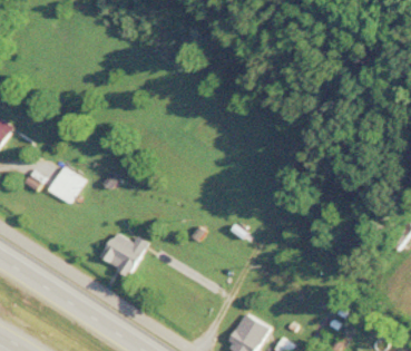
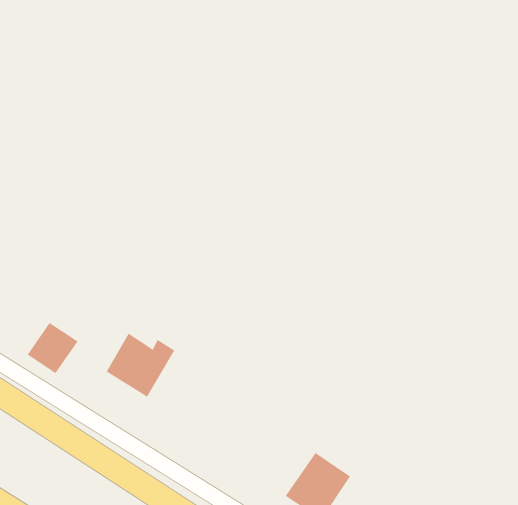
building: [48,167,84,203] -> [27,322,78,374]

